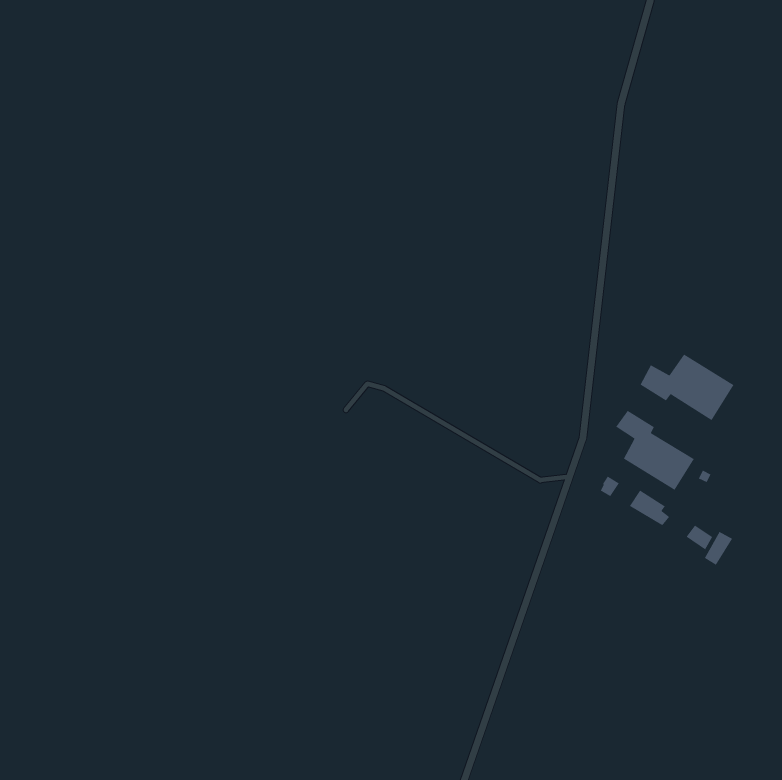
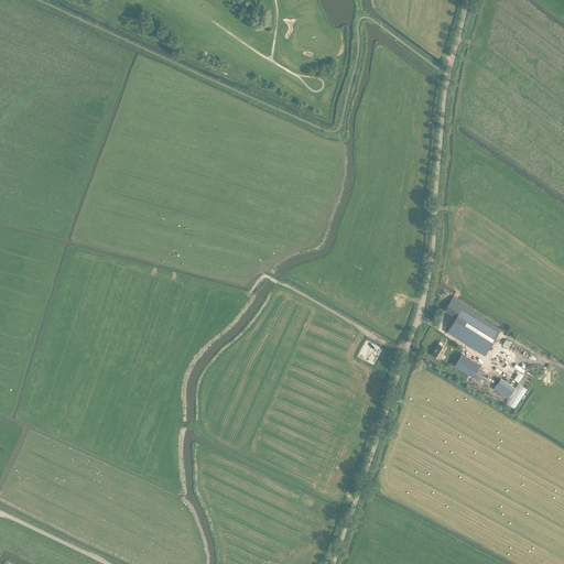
building: [640,354,734,421] -> none

